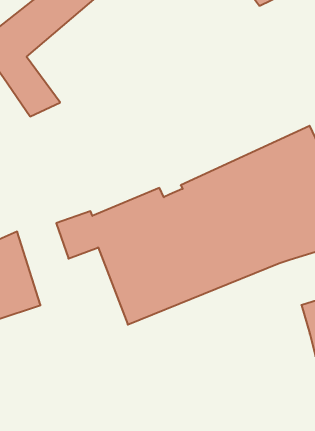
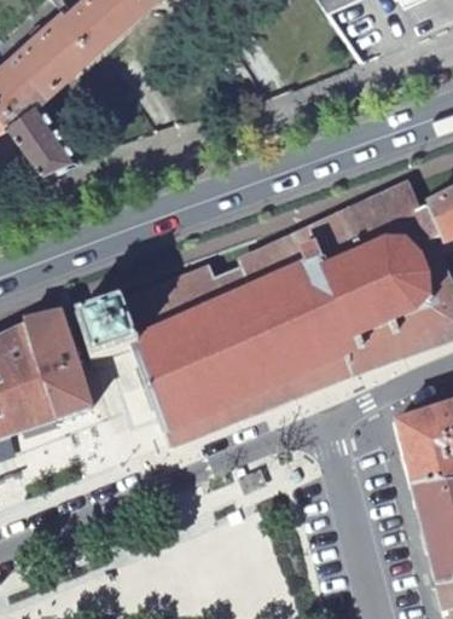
building: none -> [22,313,89,421]

